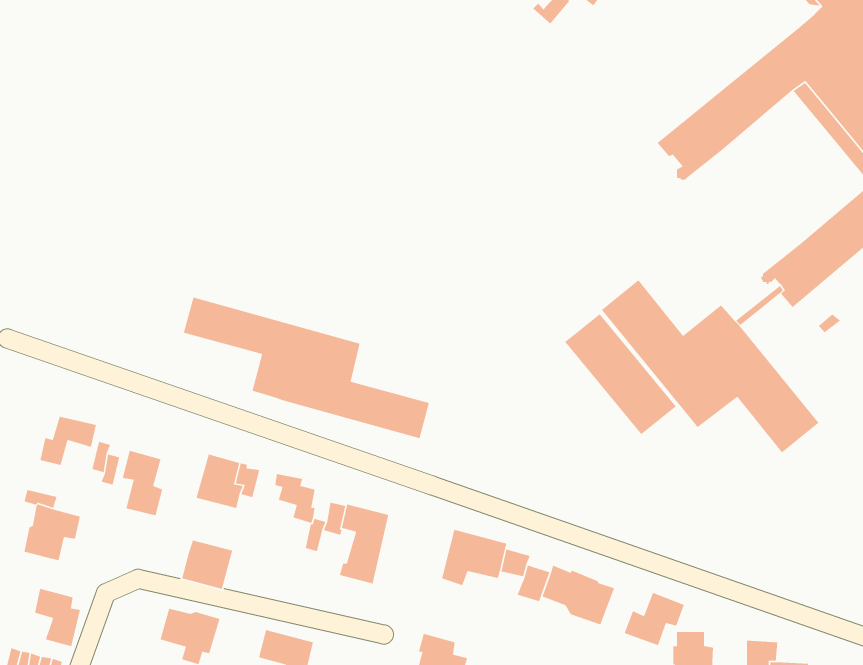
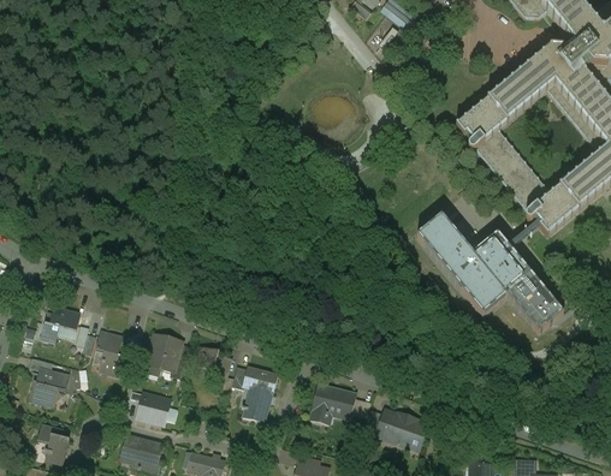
building: [183,296,430,439] -> none
building: [564,313,677,435] -> [475,130,551,212]
building: [624,592,685,646] -> none

